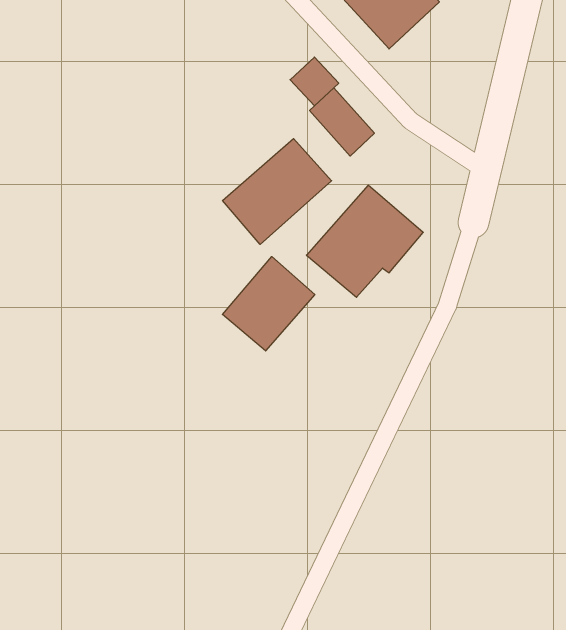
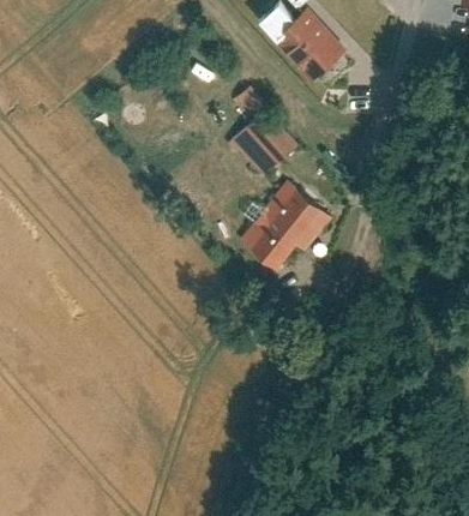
building: [223,139,332,244] -> none
building: [222,257,315,351] -> none

